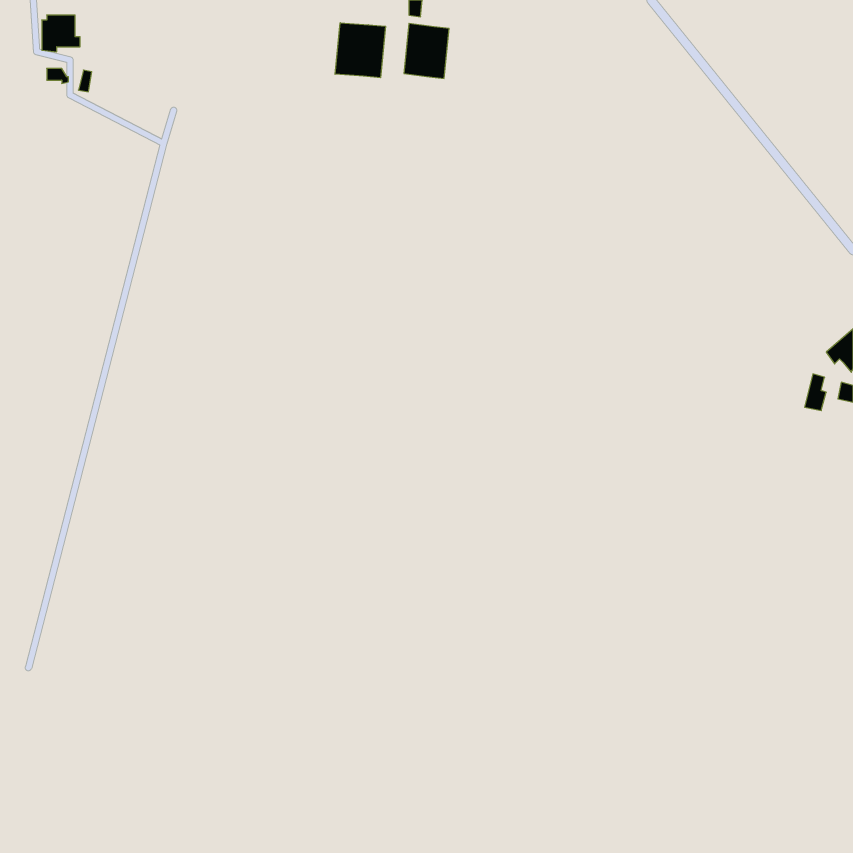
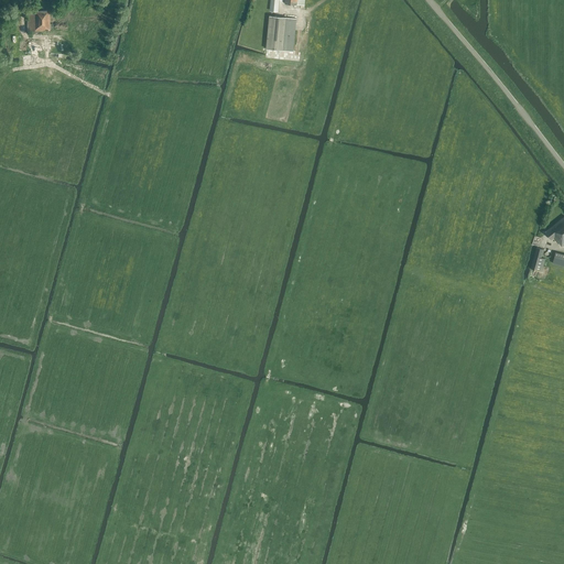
building: [335,23,386,78] -> none

